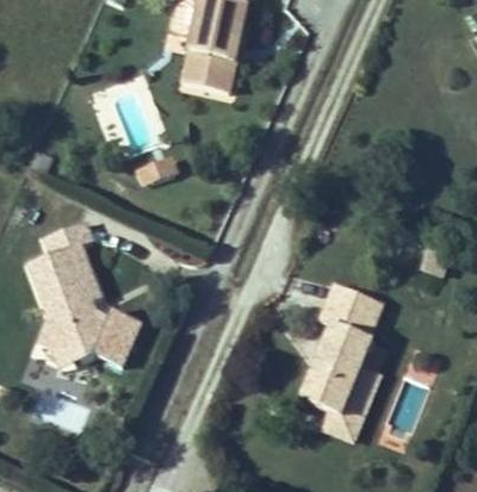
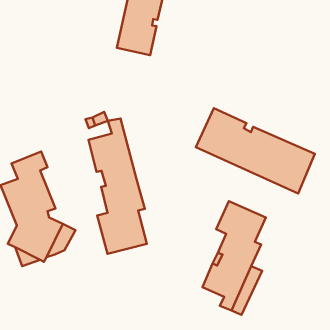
building: none -> [196,108,315,193]
building: none -> [89,119,147,254]

